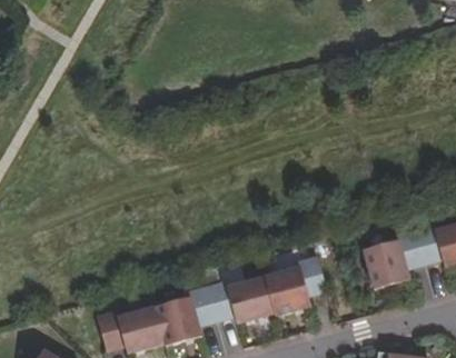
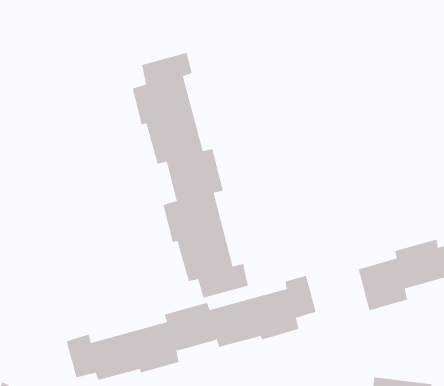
building: none -> [132,52,248,299]

